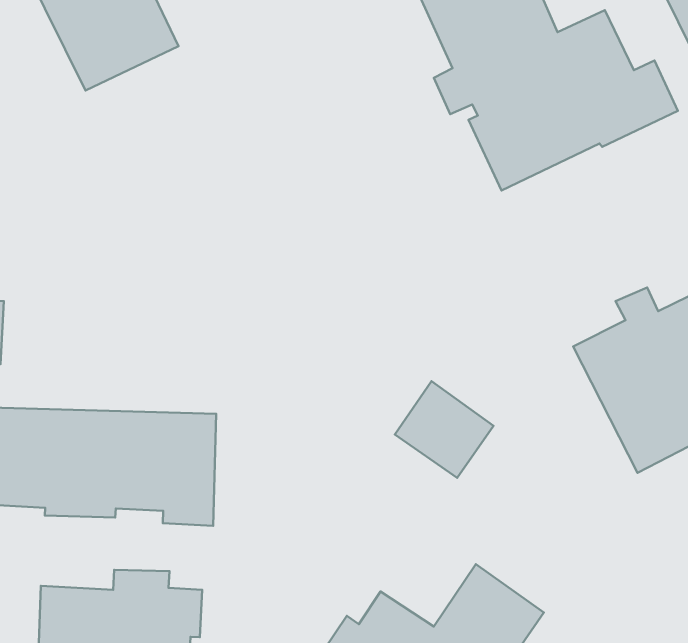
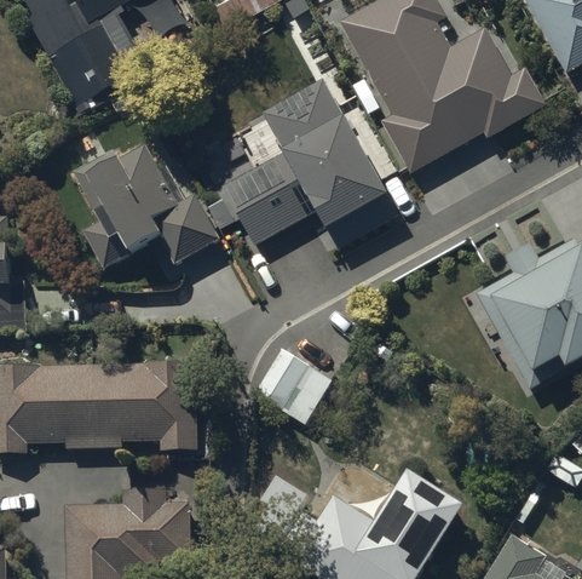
building: none -> [212,79,399,248]
building: none -> [73,144,223,266]
building: [395,381,494,478] -> [255,348,333,423]

